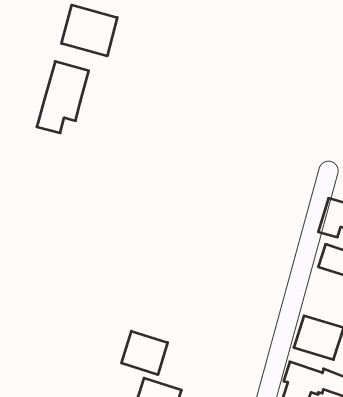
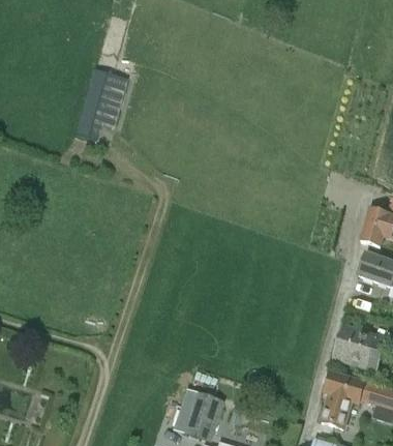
building: [62,5,117,56] -> none
building: [122,331,168,375] -> none

